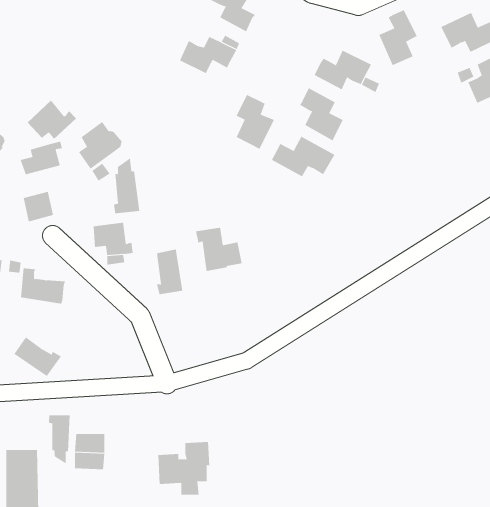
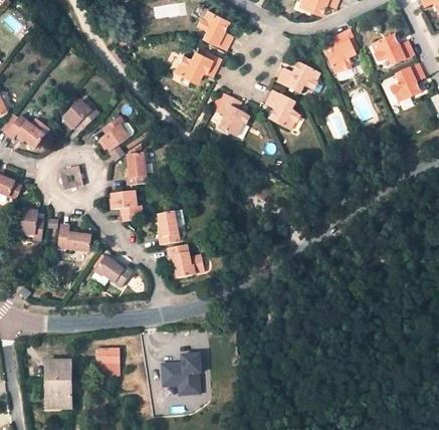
building: [271,136,335,177] -> none
building: [20,141,63,175] -> none
building: [195,227,242,272] -> [168,245,203,278]
building: [13,336,62,377] -> [95,256,132,286]
building: [48,415,70,464] -> none

